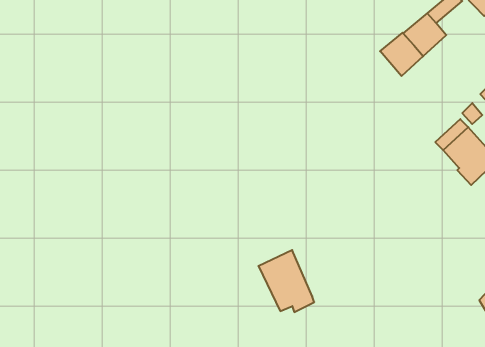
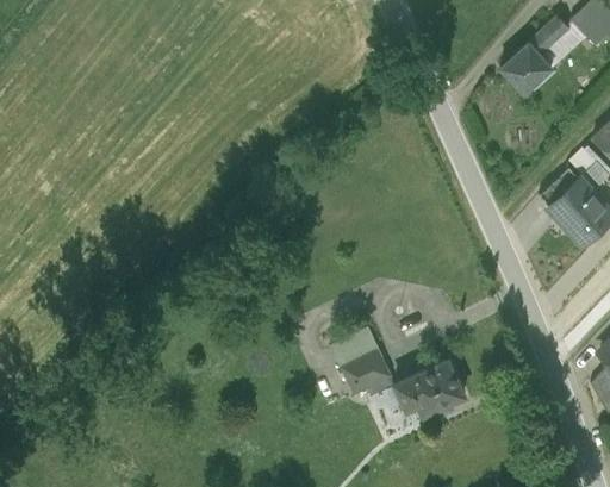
building: [380,33,423,76] -> none
building: none -> [396,361,465,417]

